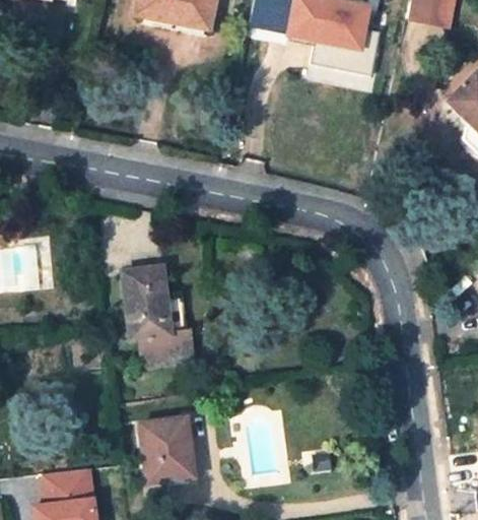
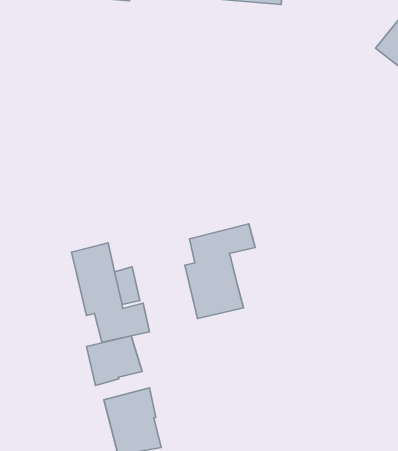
building: none -> [185,224,255,319]
building: none -> [86,336,142,386]

